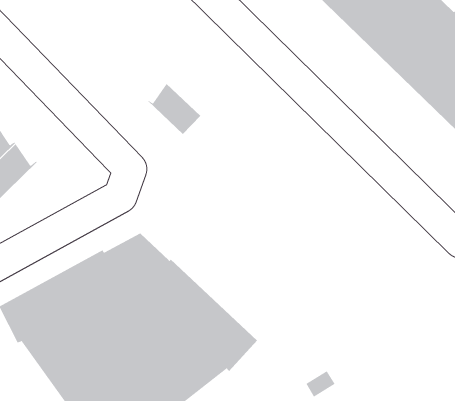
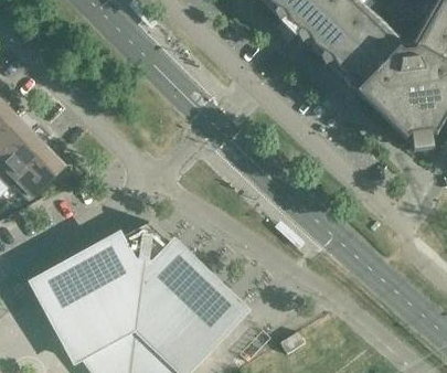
building: [147,83,201,135] -> none

